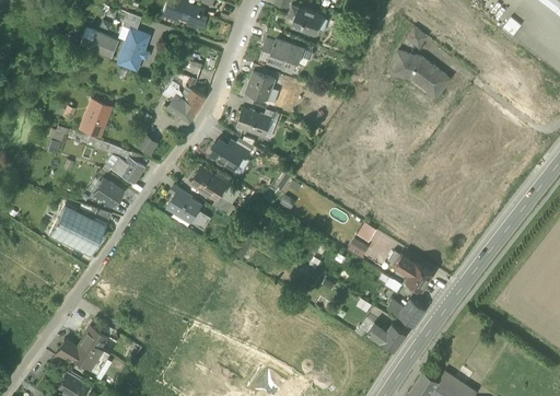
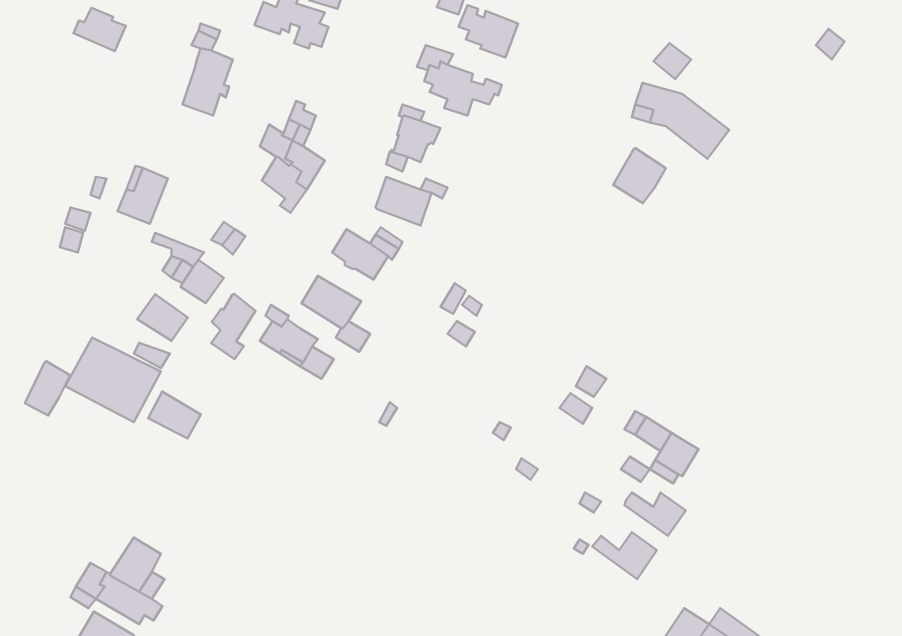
building: [85,33,117,59] -> [73,8,126,51]
building: none -> [613,148,666,203]
building: none -> [211,294,256,359]
building: none -> [25,361,70,415]
building: none -> [148,391,201,439]

